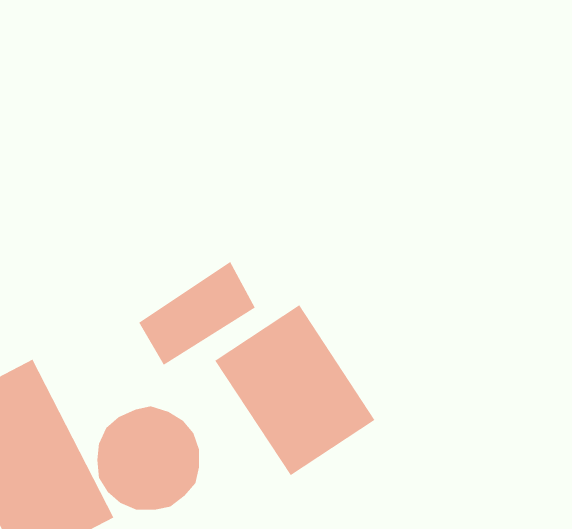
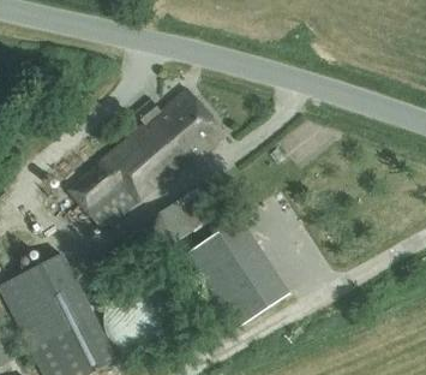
building: none -> [68,88,226,230]

